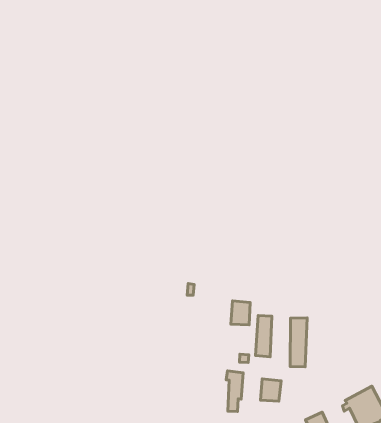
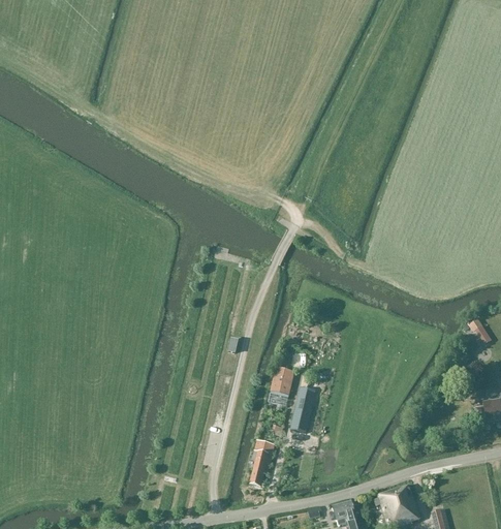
building: [290,318,307,367] -> none
building: [260,379,281,401] -> none

